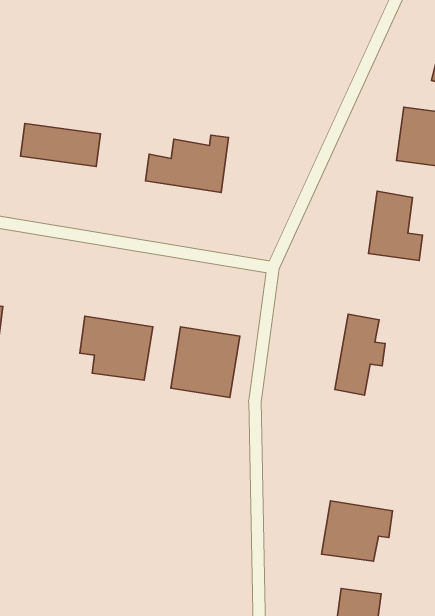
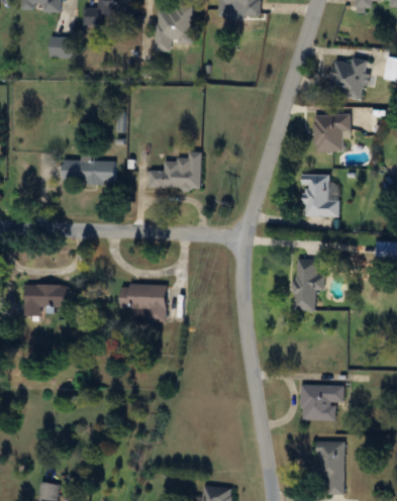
building: [171,327,240,398] -> none

